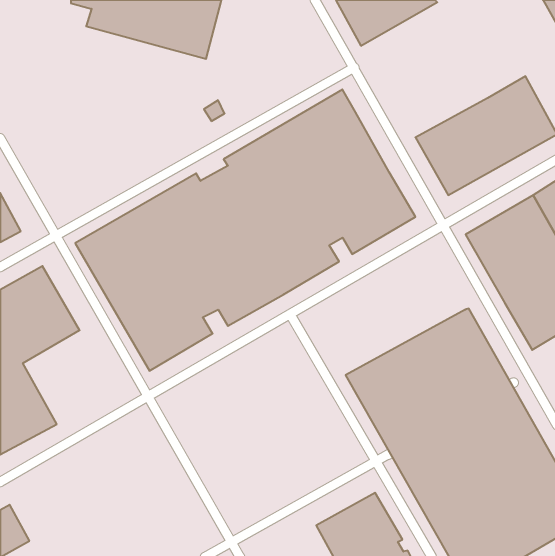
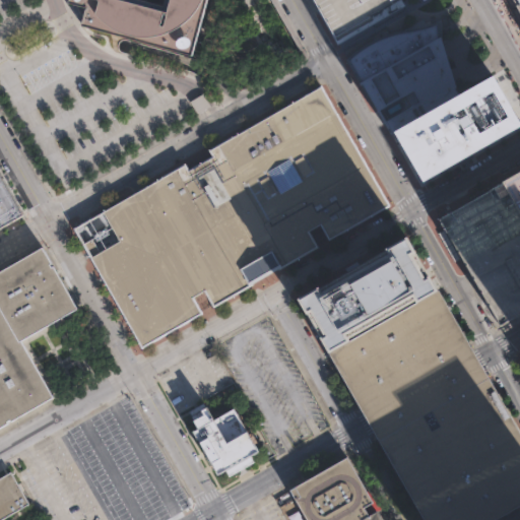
building: none -> [347,13,456,129]
building: none -> [294,237,436,350]
building: none -> [195,409,260,475]

